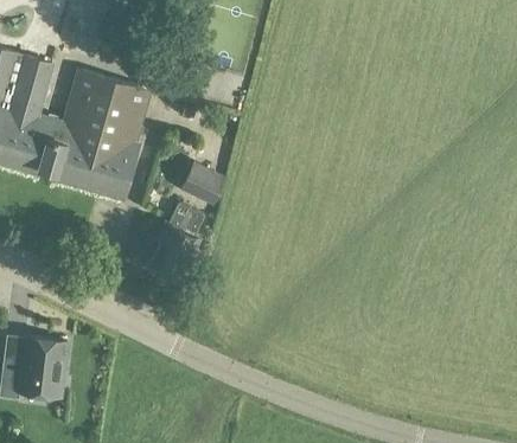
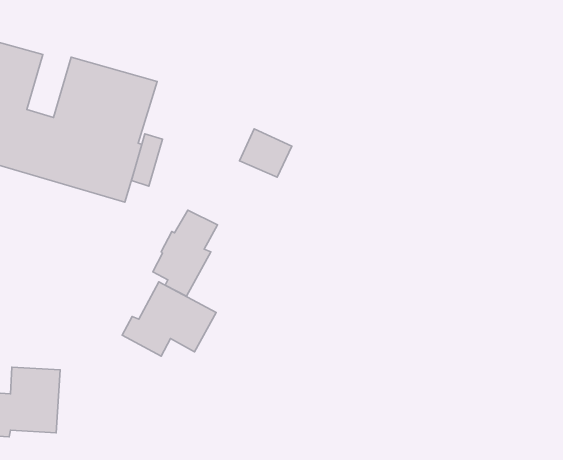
building: [180,162,226,205] -> [239,129,292,177]
building: none -> [122,282,216,356]

